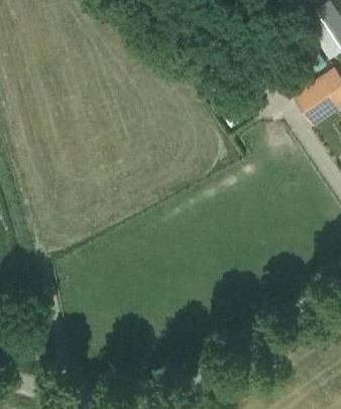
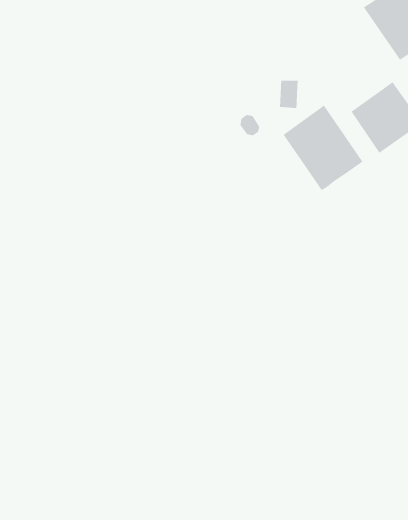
building: none -> [282,104,363,191]

